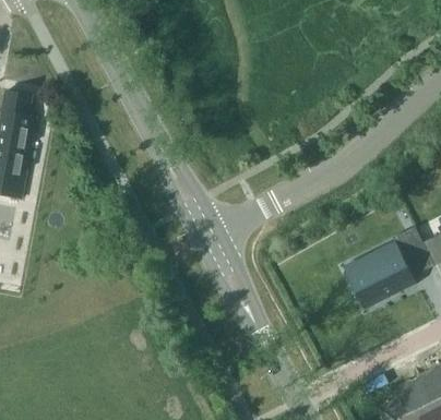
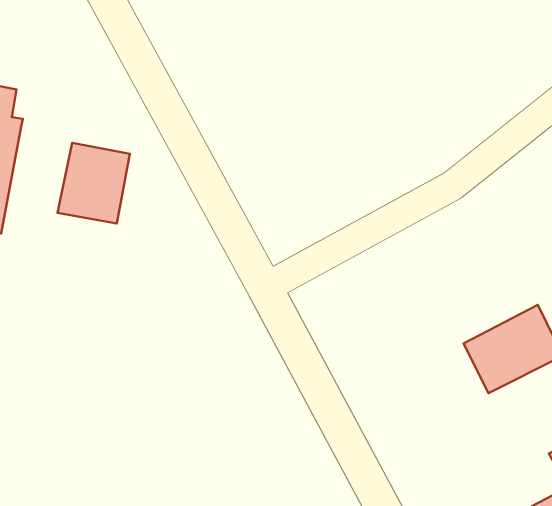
building: none -> [57,143,130,223]

